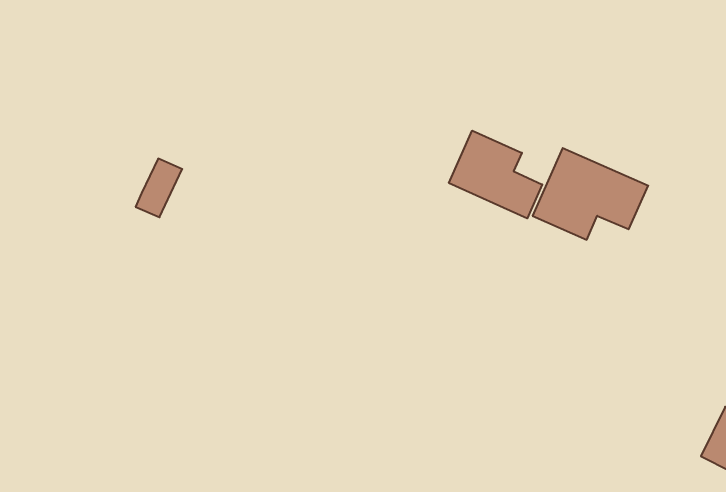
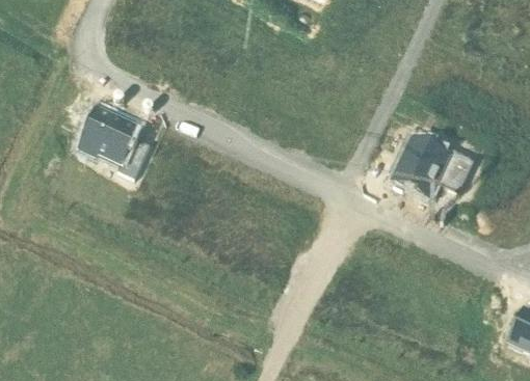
building: none -> [82,111,136,161]
building: [449,131,542,218] -> none

